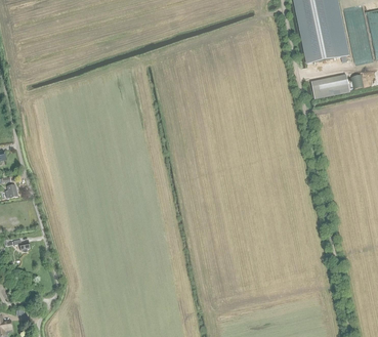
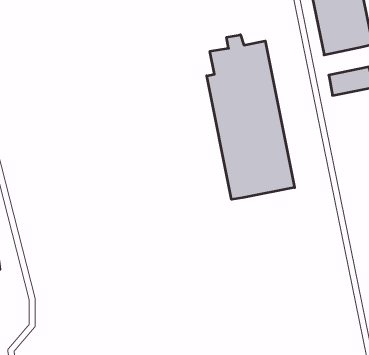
building: none -> [207,35,295,199]

